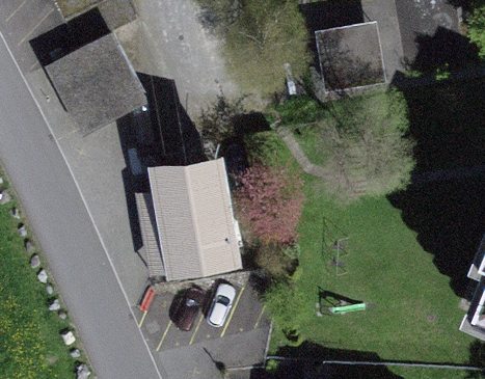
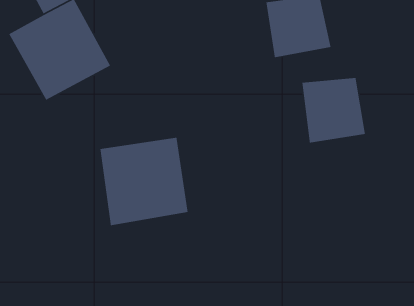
building: none -> [302,77,366,143]

